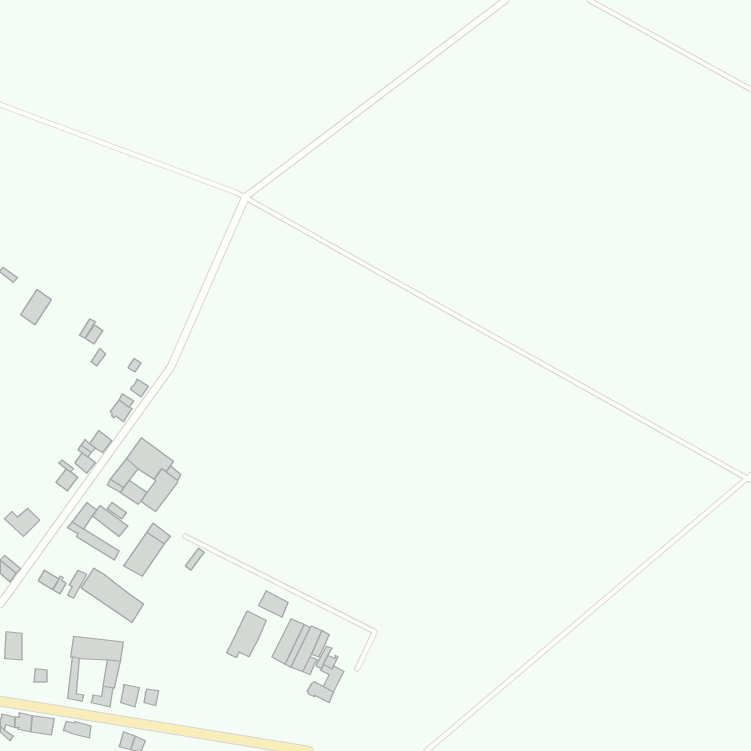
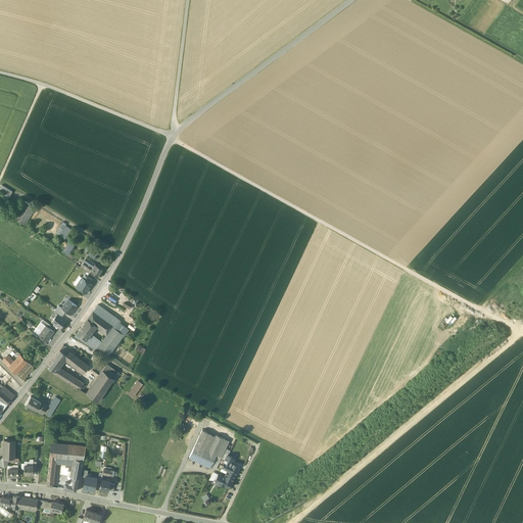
building: [81,568,143,623] -> none
building: [227,611,266,658] -> none

